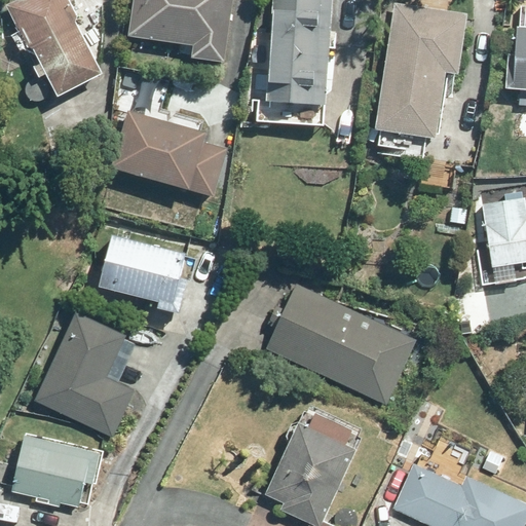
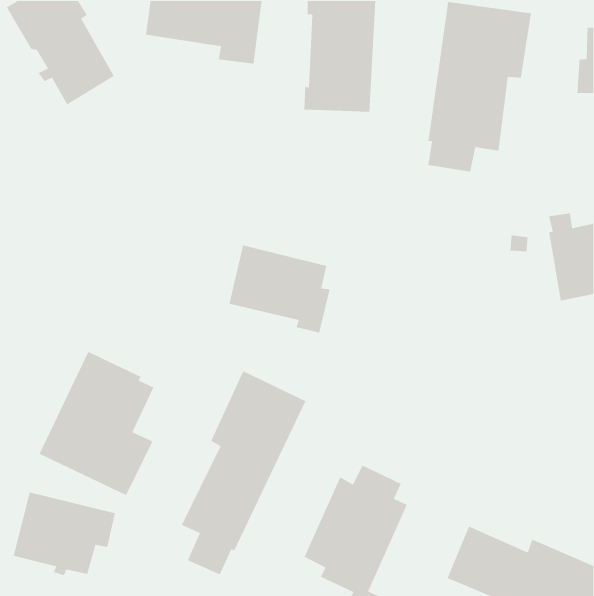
building: [112,112,225,193] -> none
building: [100,232,189,310] -> [229,244,331,334]
building: [263,284,414,405] -> none
building: none -> [181,370,306,575]

